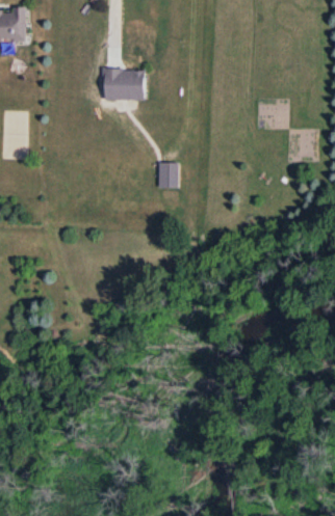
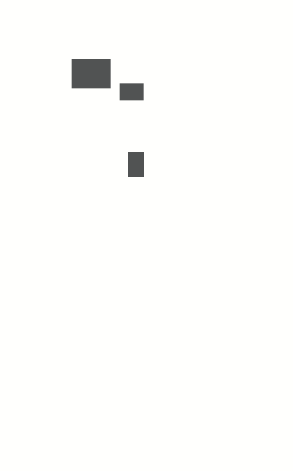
building: none -> [119,82,144,101]

